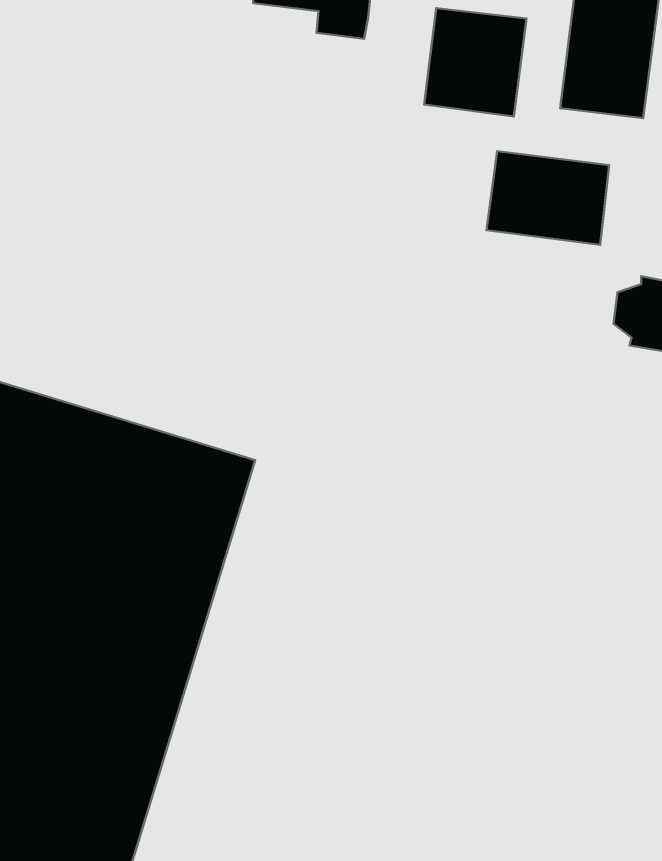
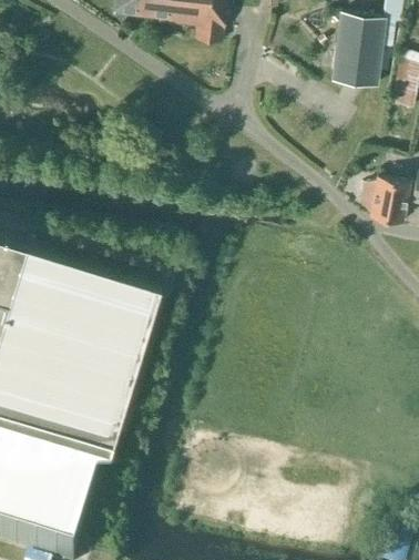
building: [424,8,526,117] -> none
building: [486,151,609,245] -> none

